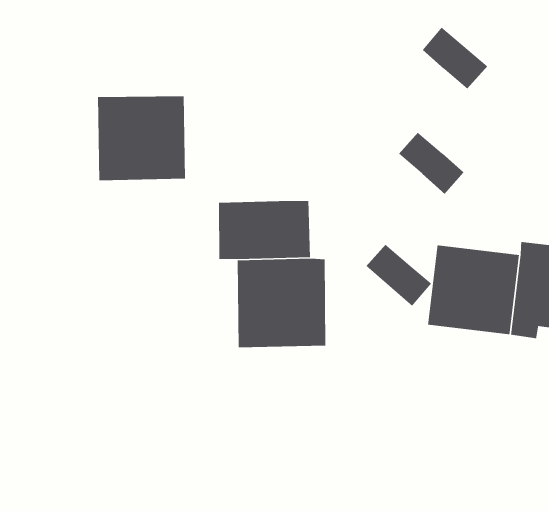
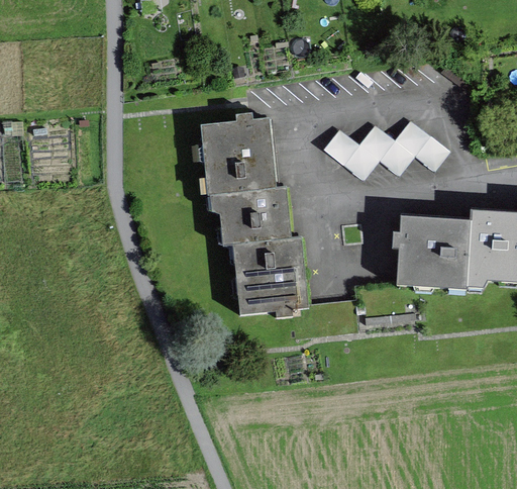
building: [422,26,488,89] -> [396,121,451,172]
building: [97,96,186,181] -> [197,119,274,194]
building: [366,244,432,307] -> [324,129,380,180]

